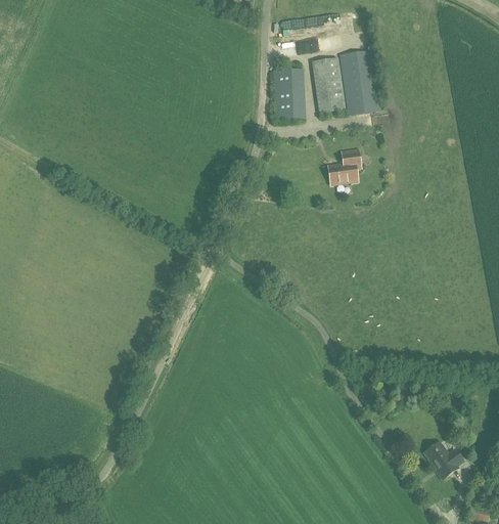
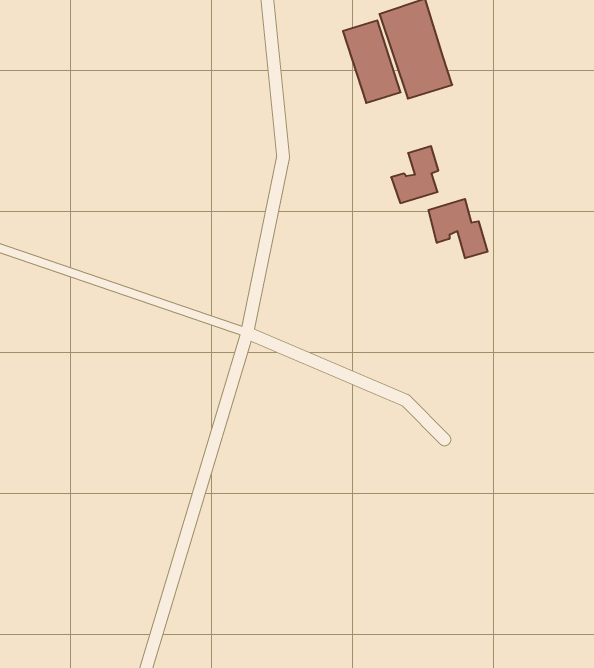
building: [273,70,304,120] -> none
building: none -> [428,199,488,258]

